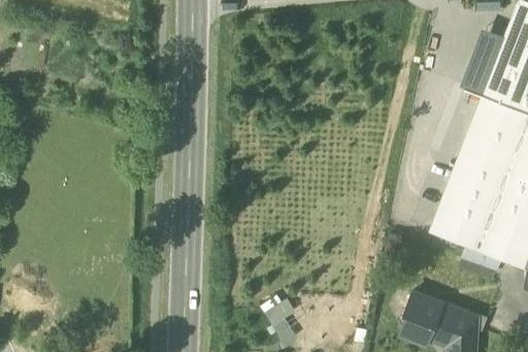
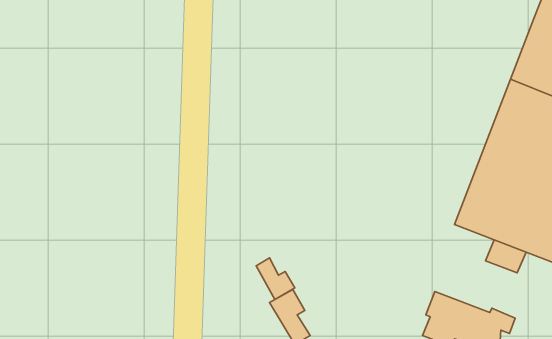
building: [463,30,505,95] -> none
building: none -> [256,258,295,300]

